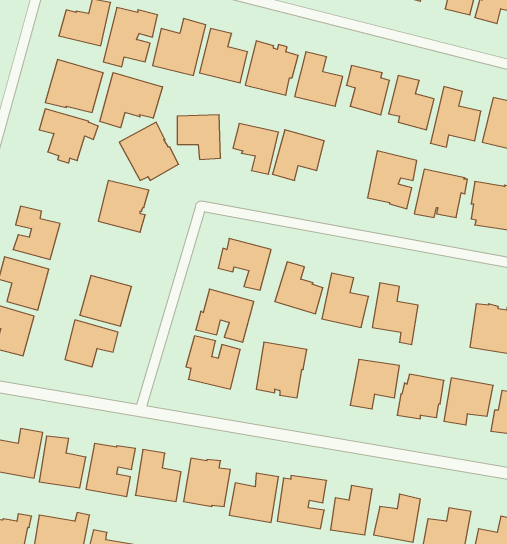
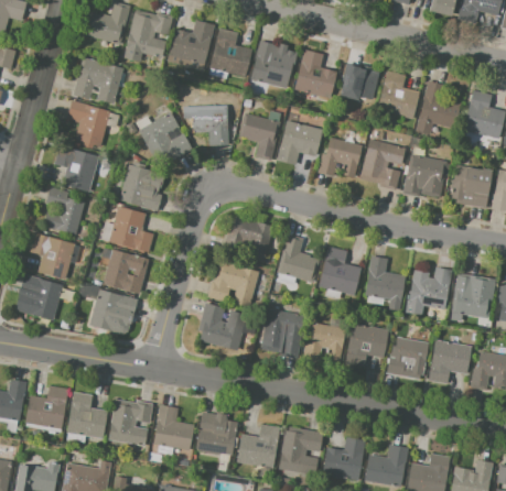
building: [100,73,163,128] -> none
building: none -> [316,138,362,177]
building: none -> [54,145,99,192]
building: none -> [108,206,153,252]
building: none -> [405,268,452,316]
building: none -> [301,323,345,362]

